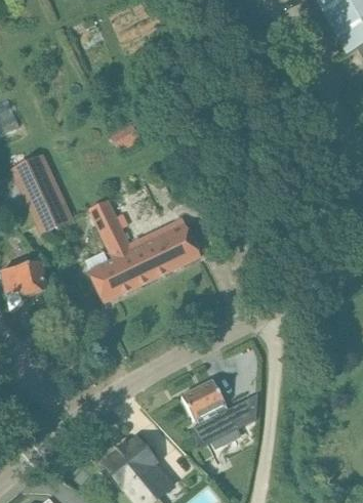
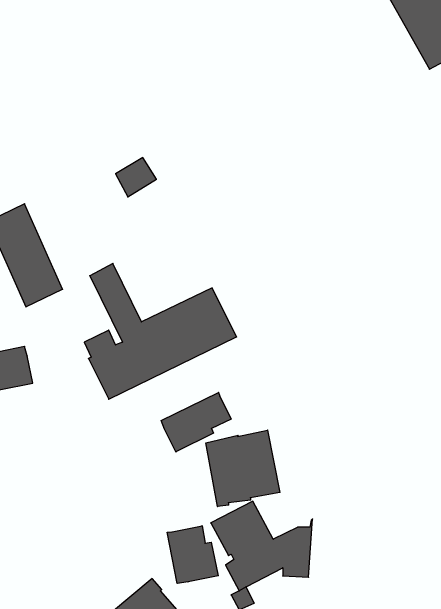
building: none -> [161,392,231,452]
building: none -> [206,430,280,507]
building: none -> [167,526,218,583]

